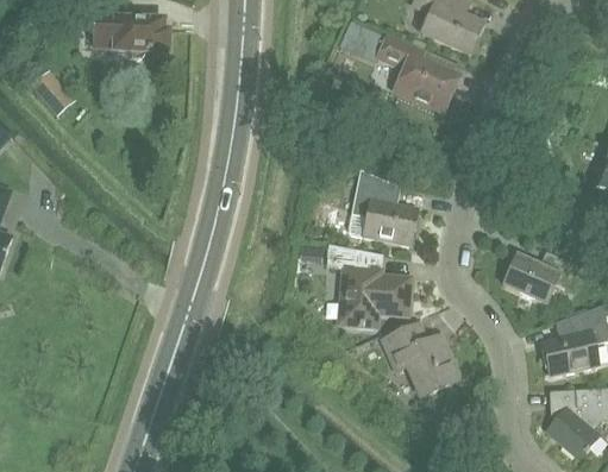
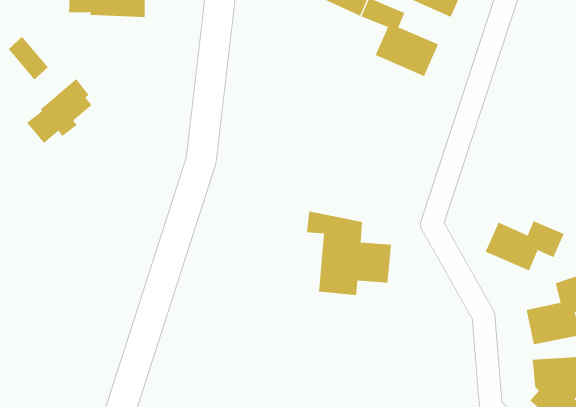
building: none -> [26,78,92,144]
building: [350,169,419,245] -> none
building: [384,325,460,396] -> none

